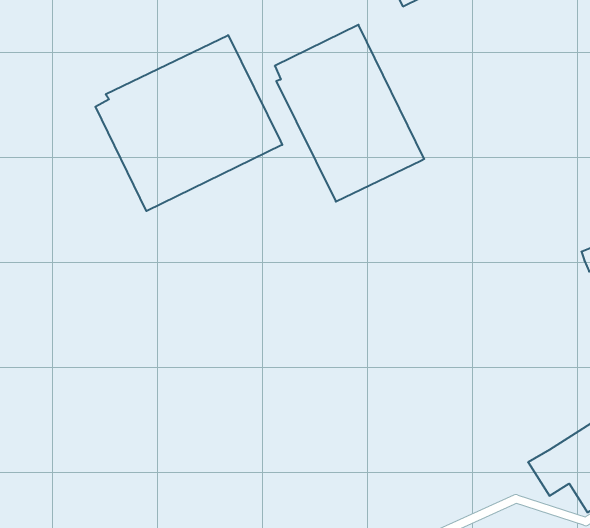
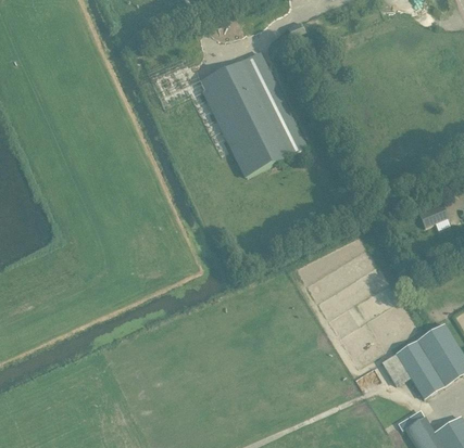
building: [95,35,282,211] -> none

